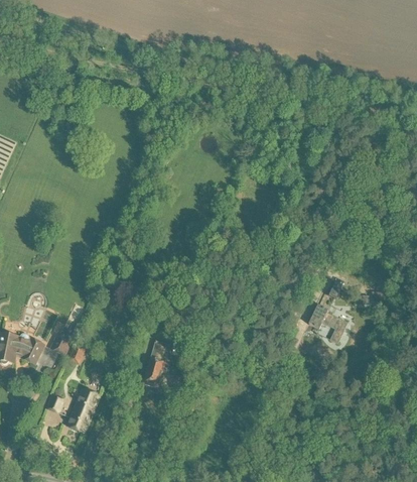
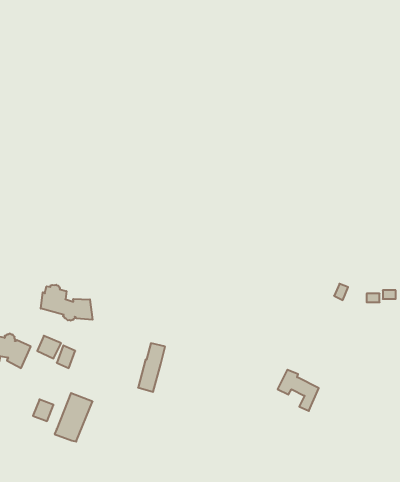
building: none -> [41,285,93,321]
building: [310,305,349,343] -> [278,370,319,411]

